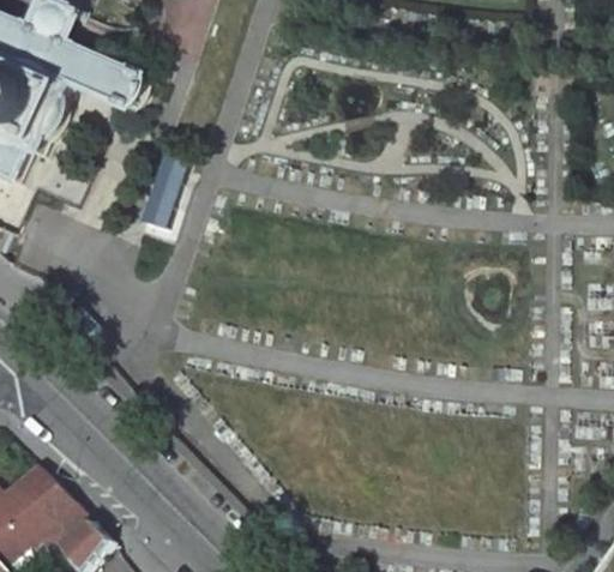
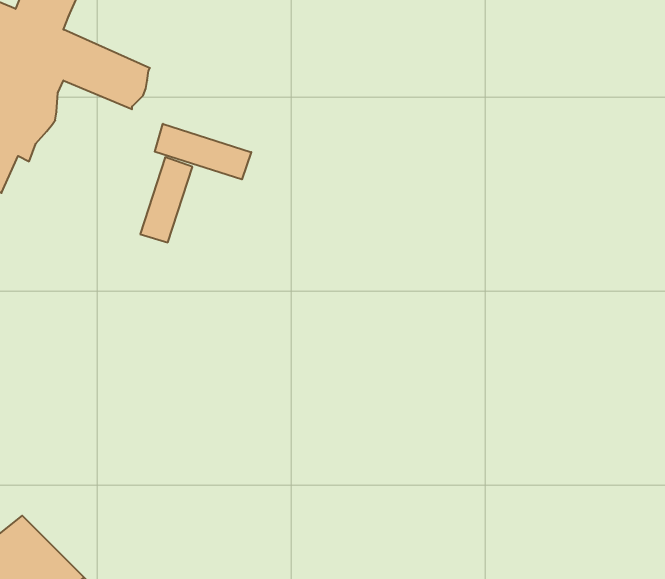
building: none -> [155,124,251,179]

